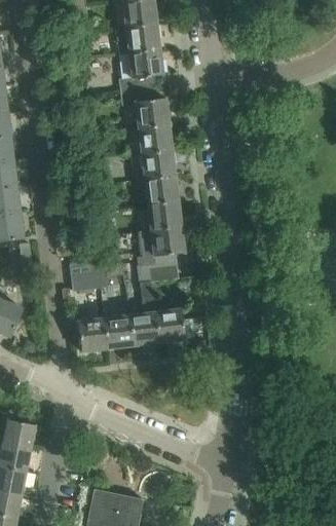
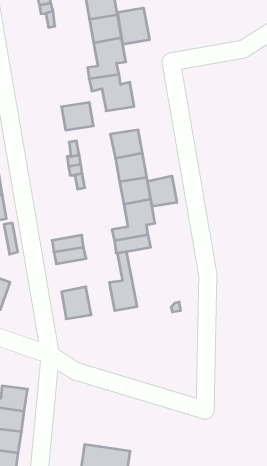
building: none -> [118,8,149,45]
building: [138,124,172,153] -> [61,102,94,130]
building: none -> [148,176,177,207]
building: [155,308,185,342] -> none
building: [105,314,135,348] -> none

